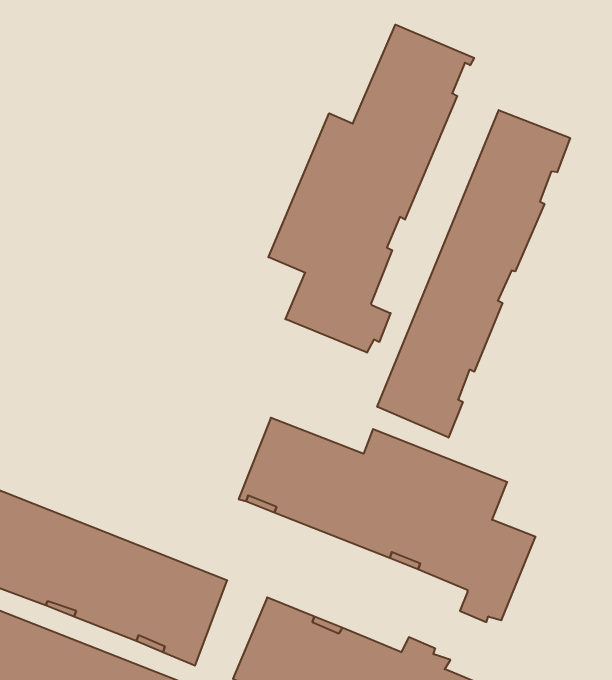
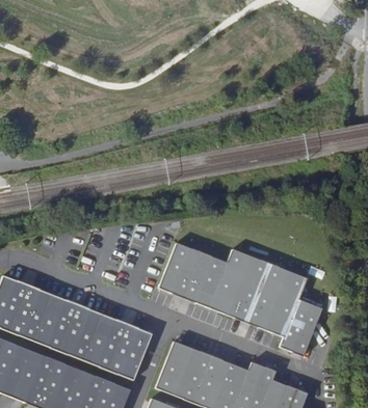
building: [268,25,474,353] -> none
building: [377,110,570,438] -> none

